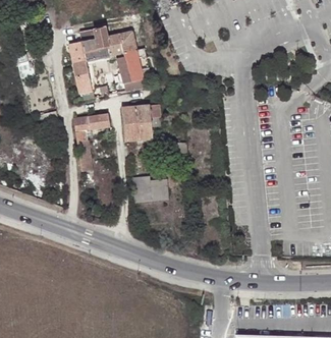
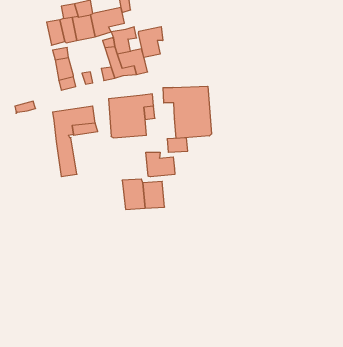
building: none -> [139,27,163,57]
building: none -> [163,86,212,138]
building: none -> [146,152,175,177]

